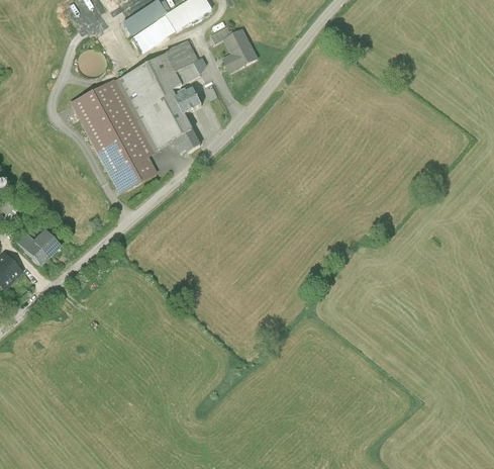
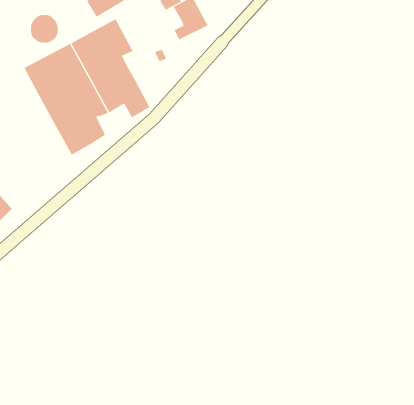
building: [165,39,201,85] -> none
building: [176,88,203,114] -> none

